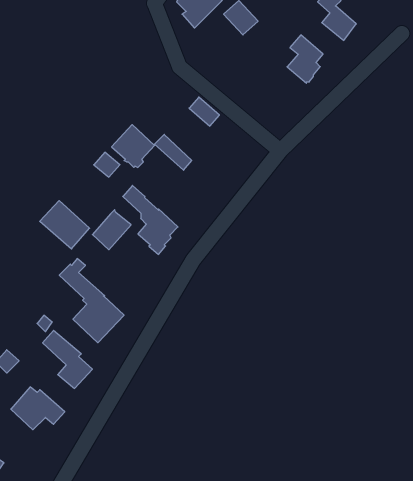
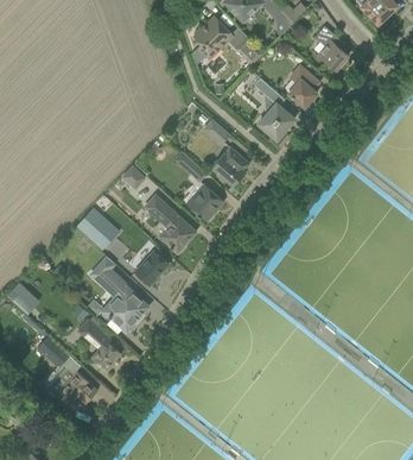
building: none -> [254,76,294,138]
building: [112,125,154,167] -> [186,183,223,220]
building: none -> [211,145,249,185]
building: [92,210,131,250] -> [135,250,169,284]

